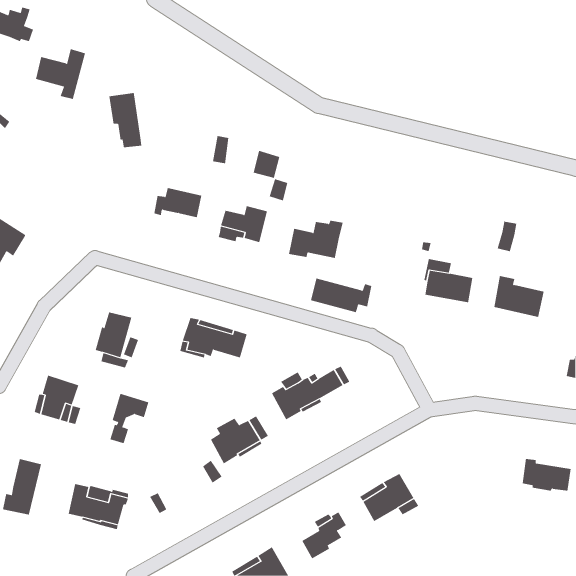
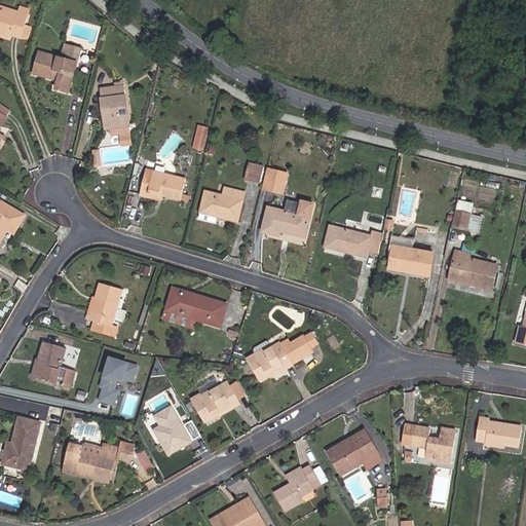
building: [253,150,280,178] -> [262,167,287,193]
building: [310,278,372,313] -> [324,225,380,257]
building: none -> [153,405,191,455]
building: none -> [401,424,454,462]

